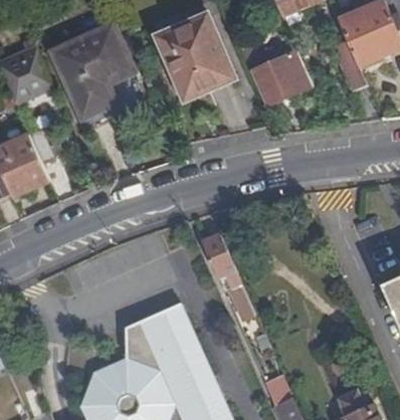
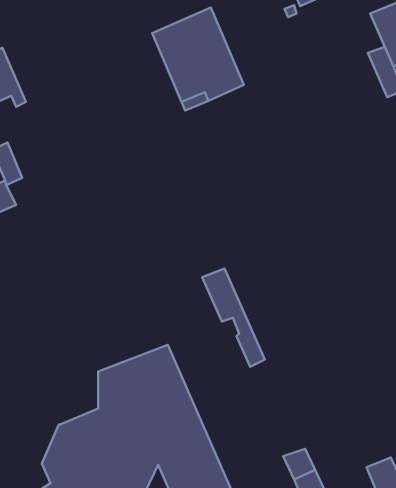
building: [55,32,134,124] -> none
building: [243,49,307,107] -> none

